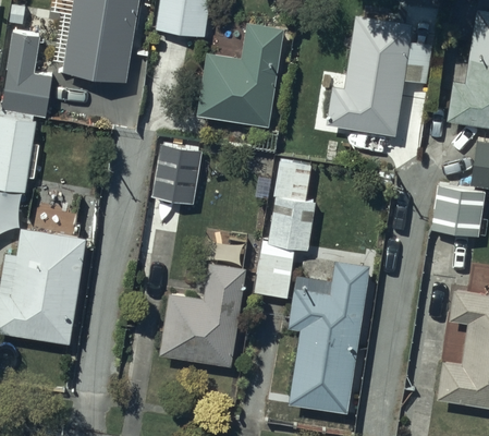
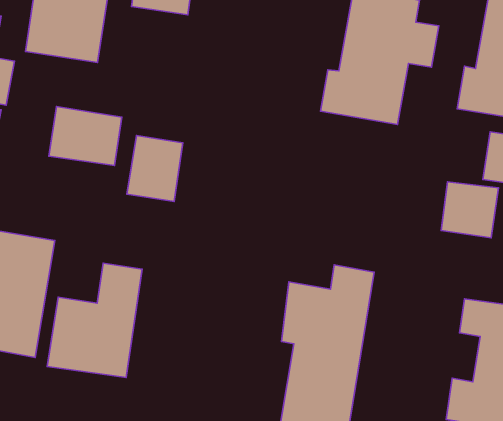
building: [197,31,282,134] -> none
building: none -> [49,107,122,166]
building: [254,159,317,299] -> none
building: [159,264,244,366] -> [47,263,142,378]

